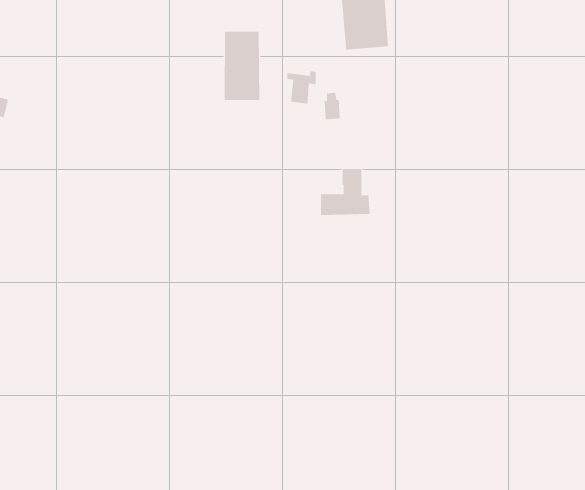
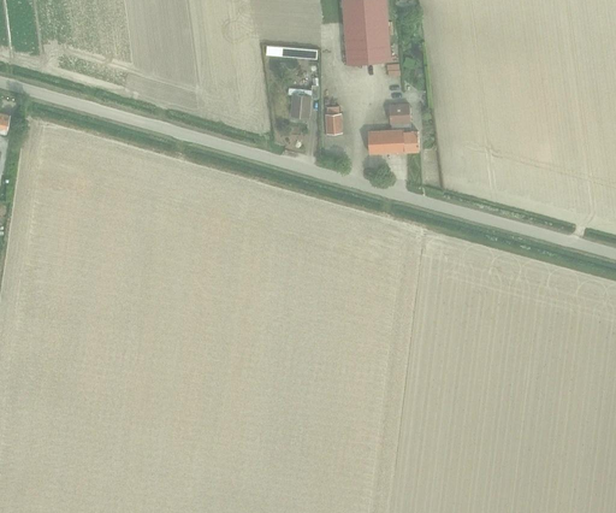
building: [224,31,260,101] -> none
building: [320,169,371,215] -> [368,105,419,152]

